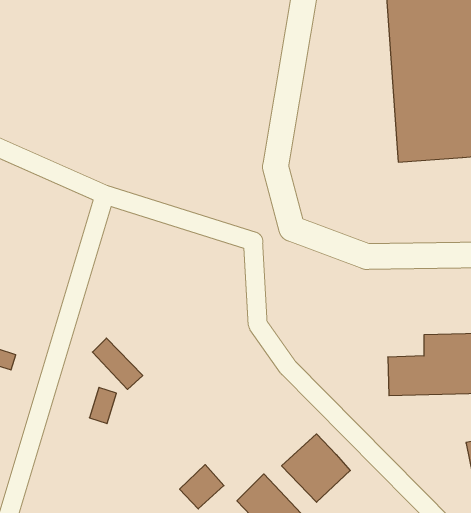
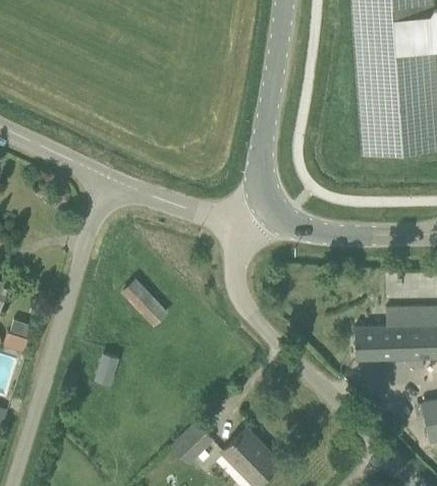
building: [92,338,143,389] -> [123,280,167,325]
building: [282,434,350,502] -> none

